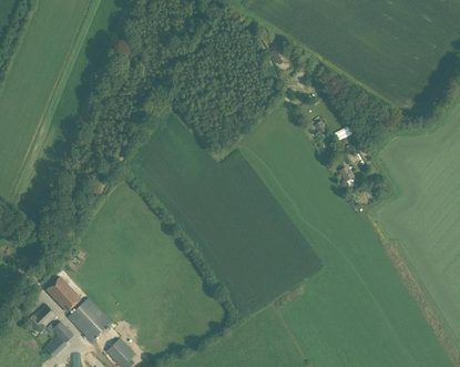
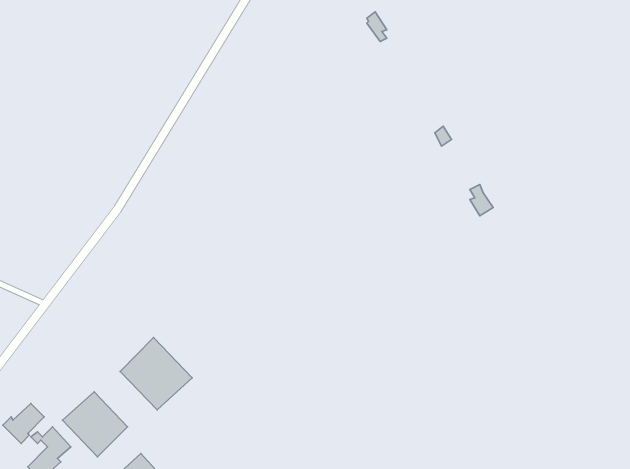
building: none -> [120,337,192,410]
building: [45,277,80,313] -> none

